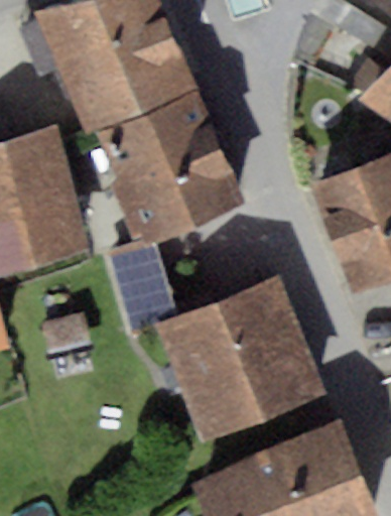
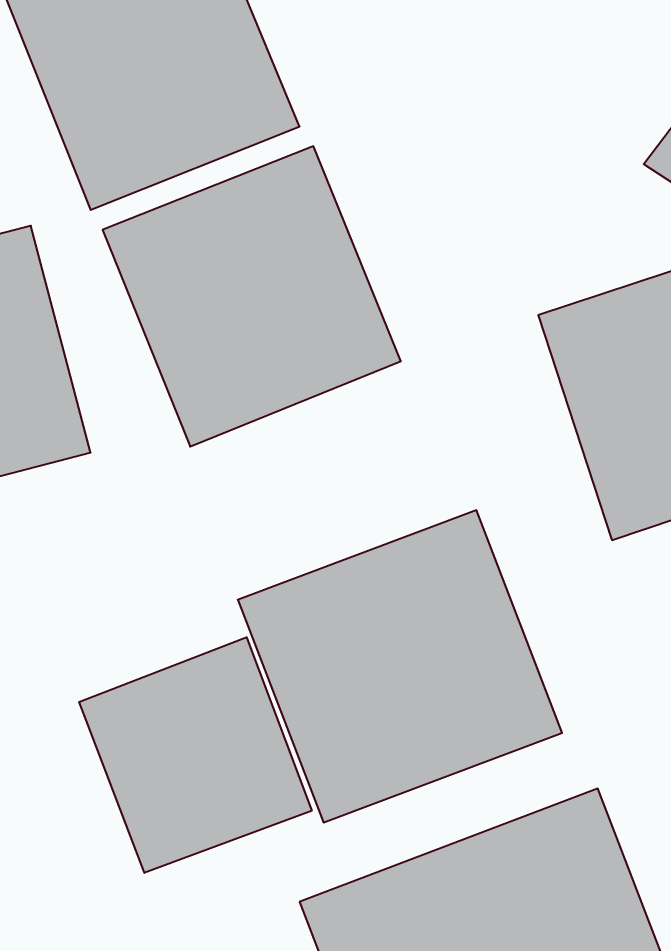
building: none -> [79,637,312,873]

